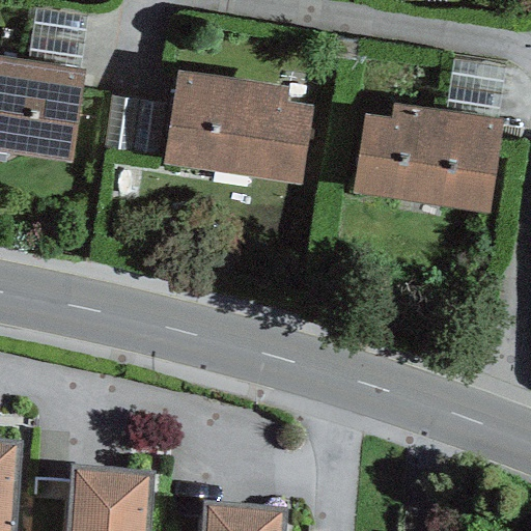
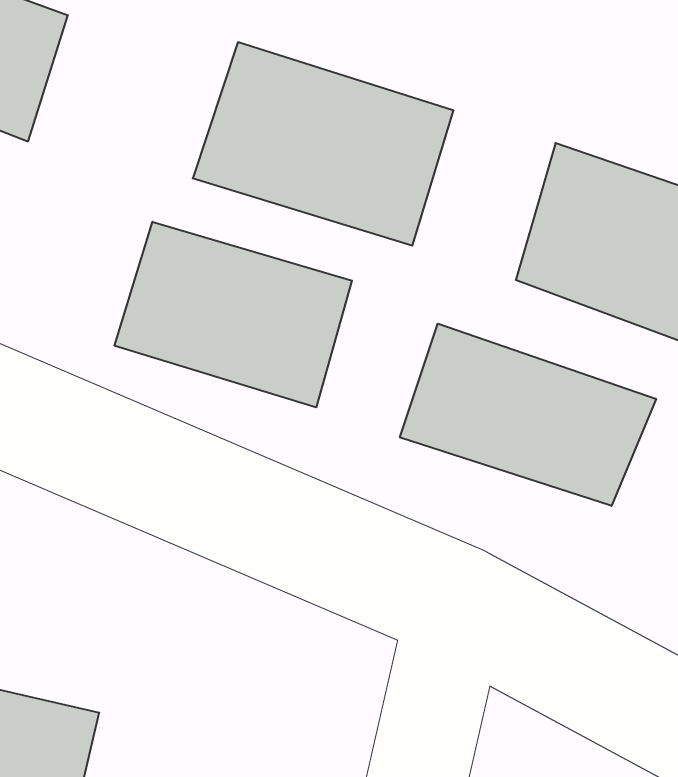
building: none -> [114,222,352,407]
building: none -> [400,324,656,506]

